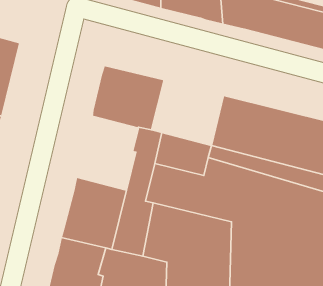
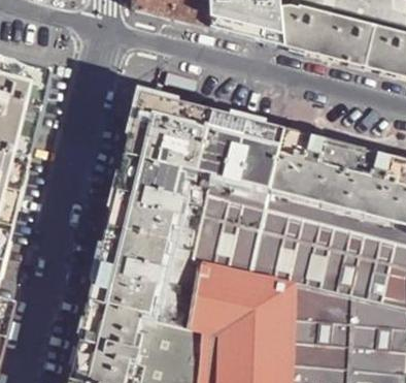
building: none -> [198,113,284,191]
building: none -> [108,156,182,245]

